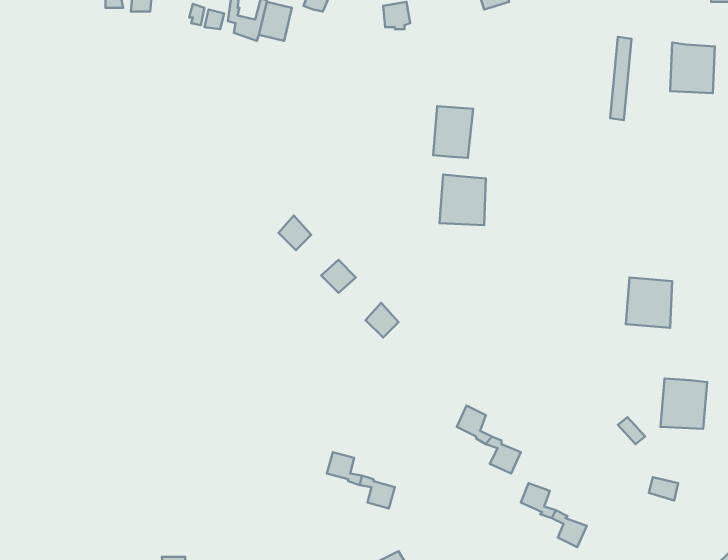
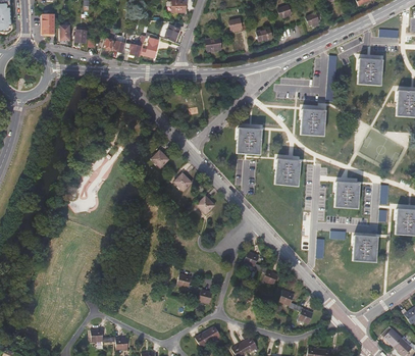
building: [433,106,473,158] -> none
building: none -> [300,109,325,136]
building: none -> [275,160,300,187]

